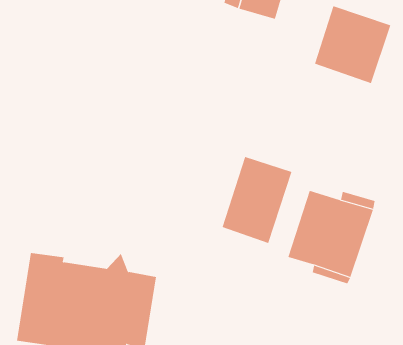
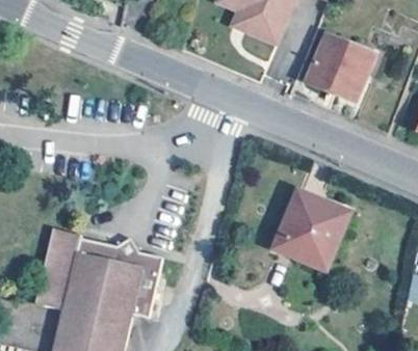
building: [222,156,292,244] -> none

